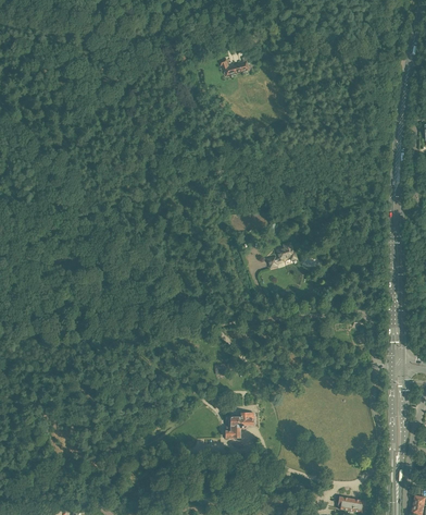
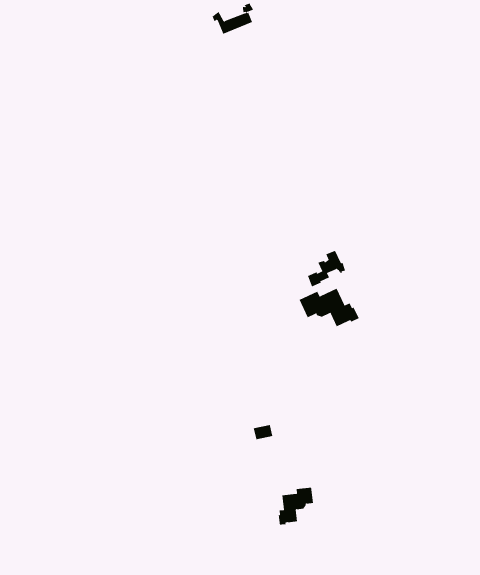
building: none -> [299,288,359,327]

